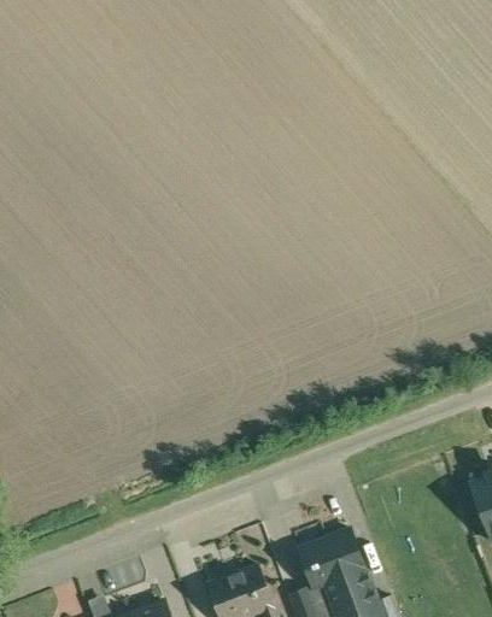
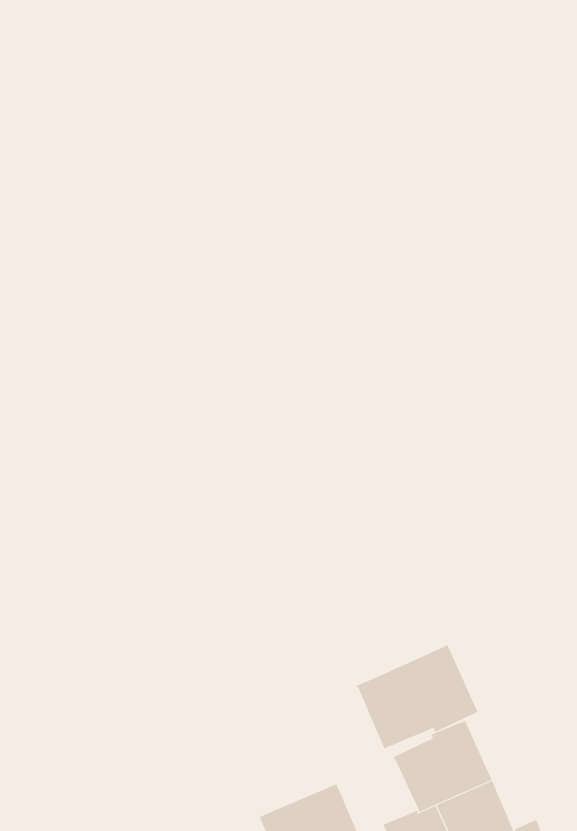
building: none -> [355,644,478,749]

